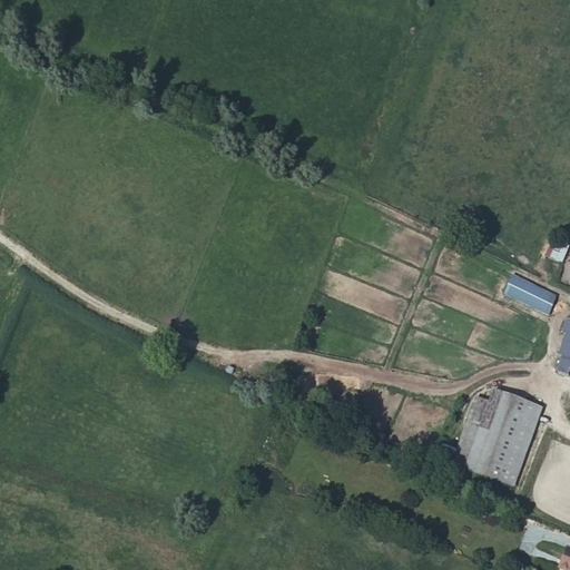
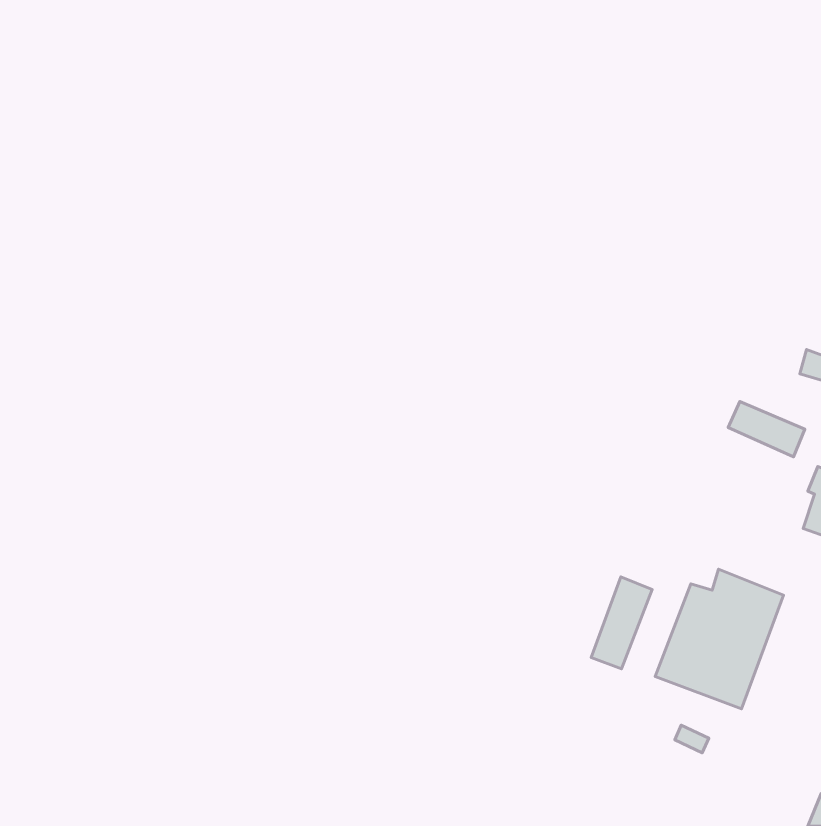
building: none -> [591,577,652,669]

